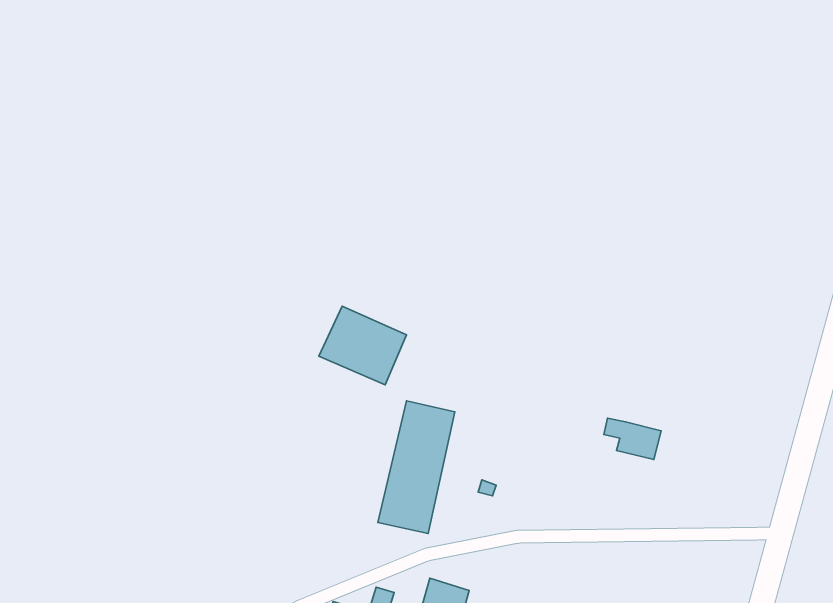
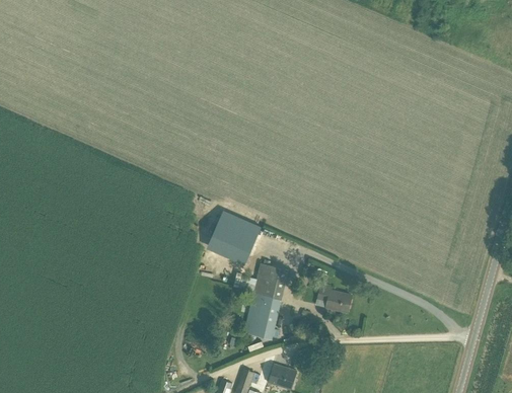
building: [604,418,661,459] -> [319,288,352,311]

